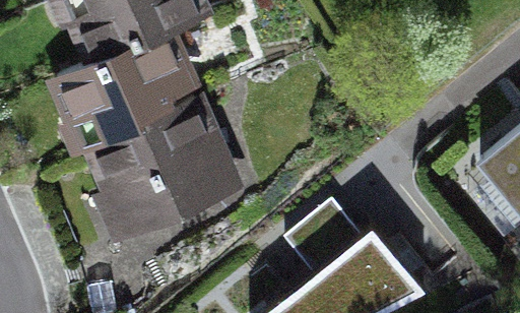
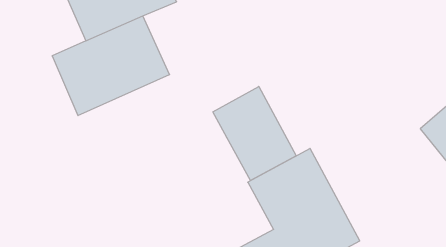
building: [98,105,236,228] -> none
building: none -> [213,86,296,180]

